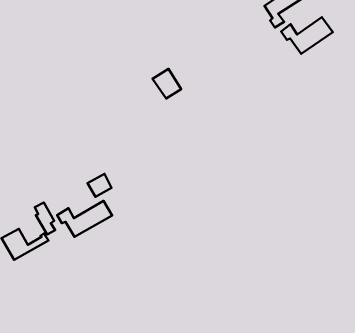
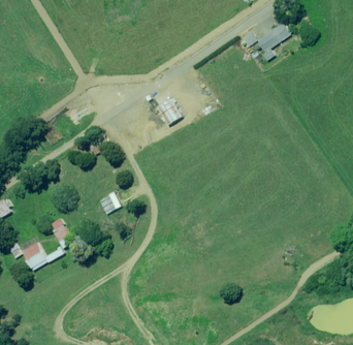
building: [281,17,333,54] -> none
building: [57,201,112,237] -> none

